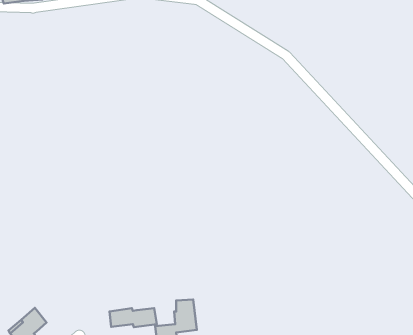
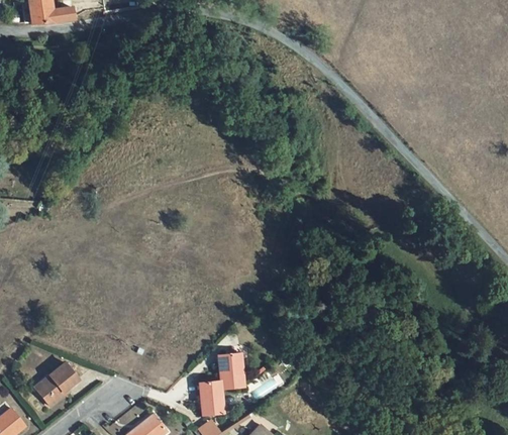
building: [109,308,157,327] -> none

